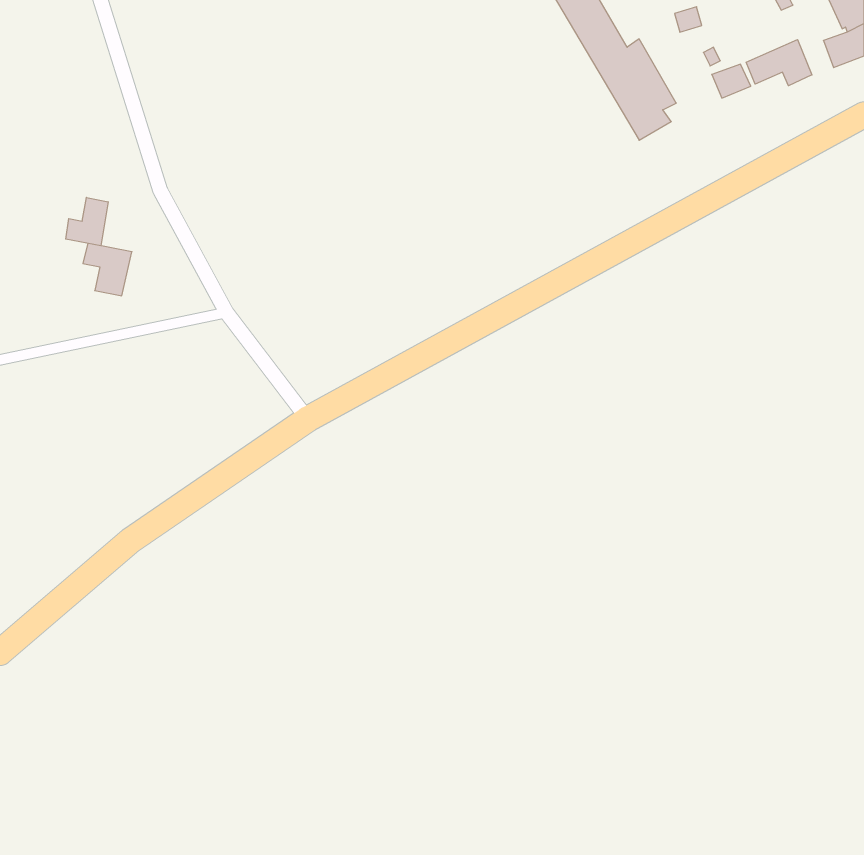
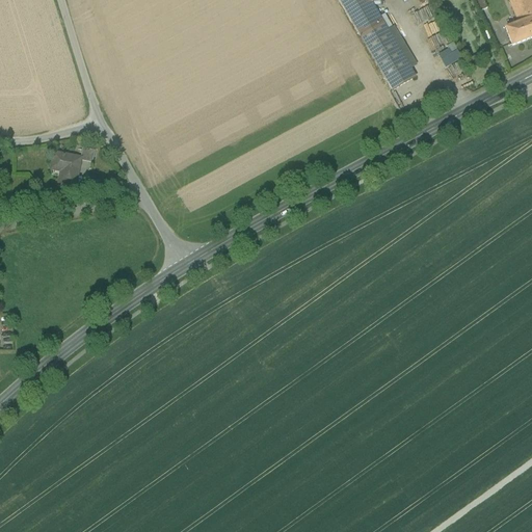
building: [746,40,812,86] -> none
building: [66,197,108,246] -> none

